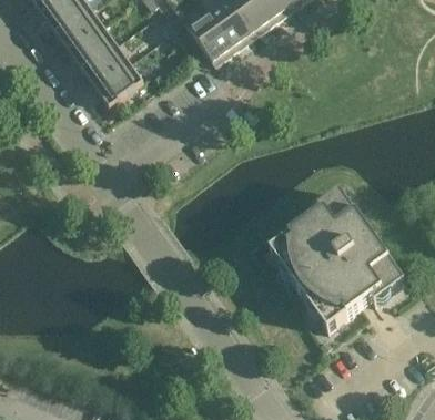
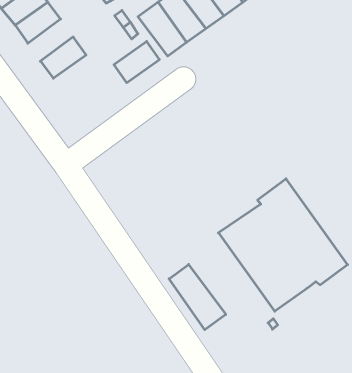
building: [69,24,117,69] -> none
building: [95,62,143,105] -> [114,41,159,83]
building: none -> [169,264,226,330]

